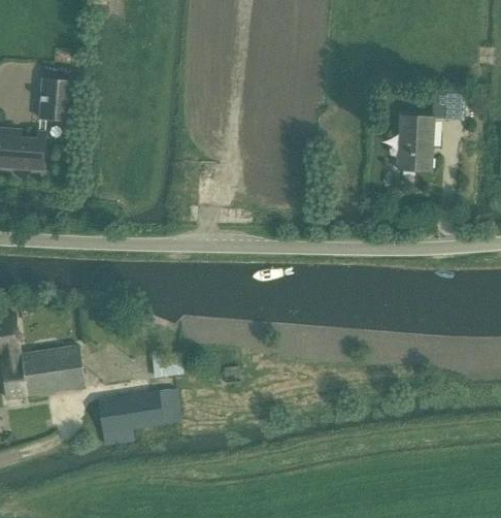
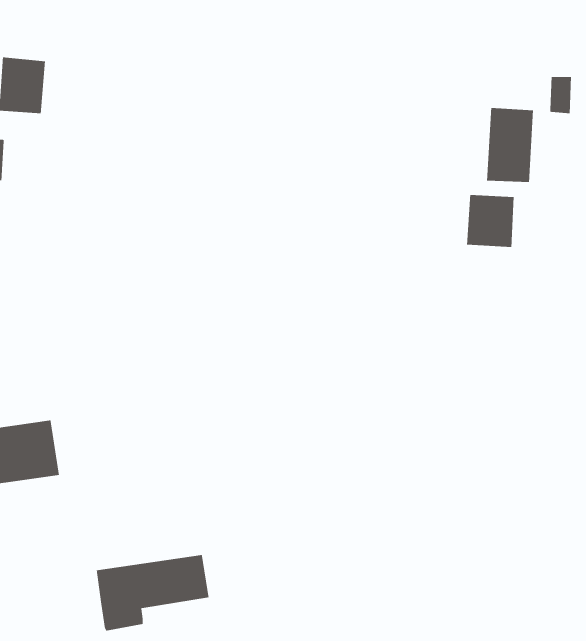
building: none -> [466,194,514,248]
building: [97,389,180,446] -> [96,554,210,631]

